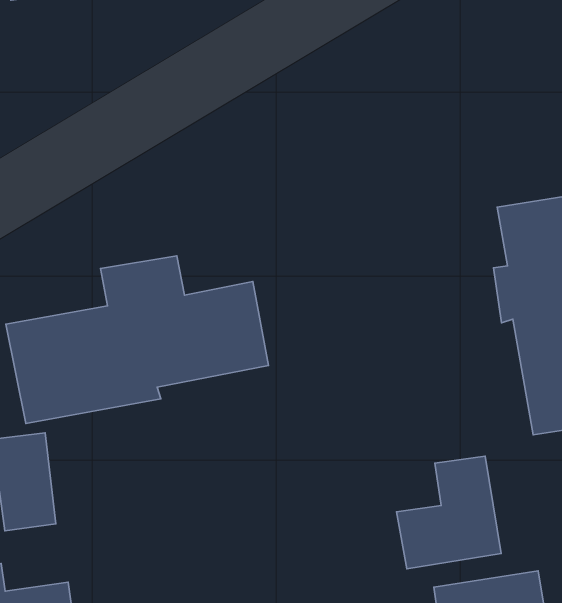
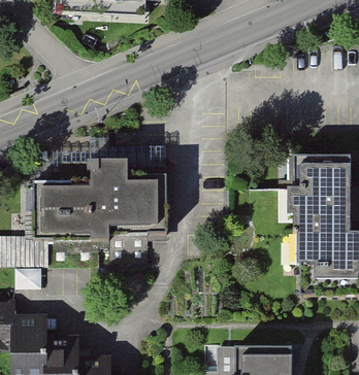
building: [397,456,501,569] -> none

